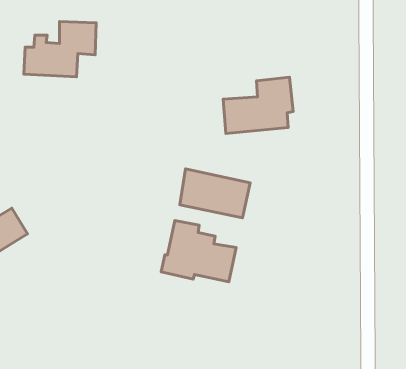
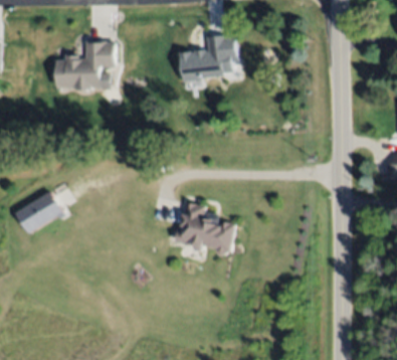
building: [223,77,293,134] -> [180,35,237,81]
building: [180,169,250,218] -> none

